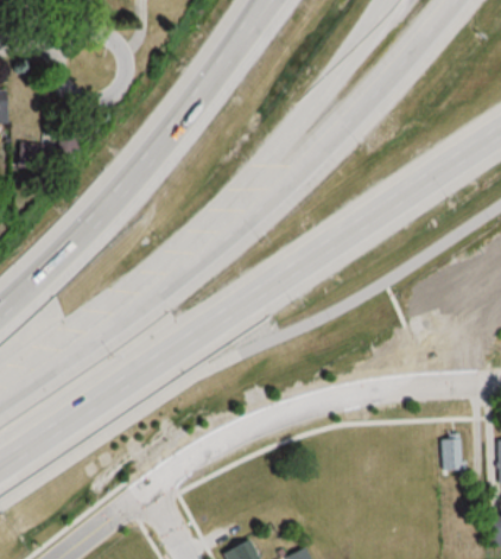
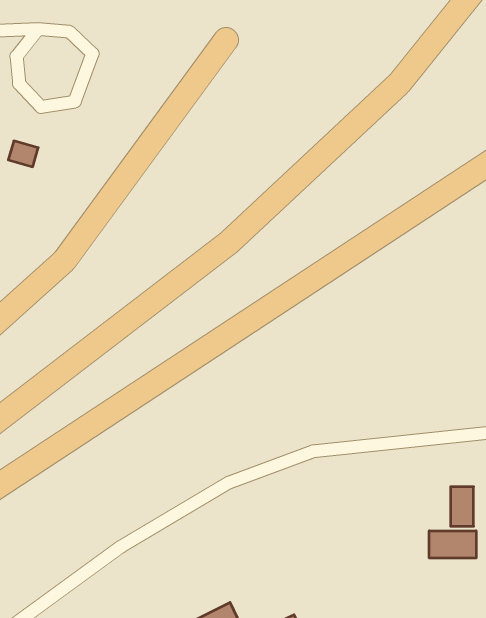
building: none -> [429,531,476,558]

